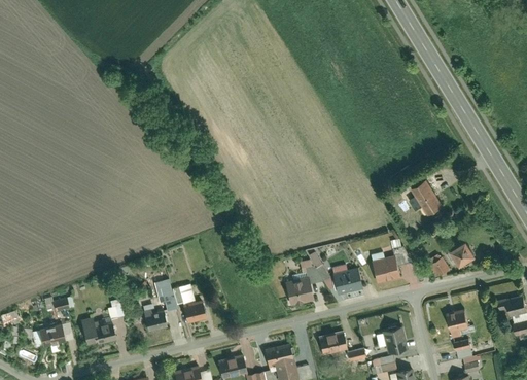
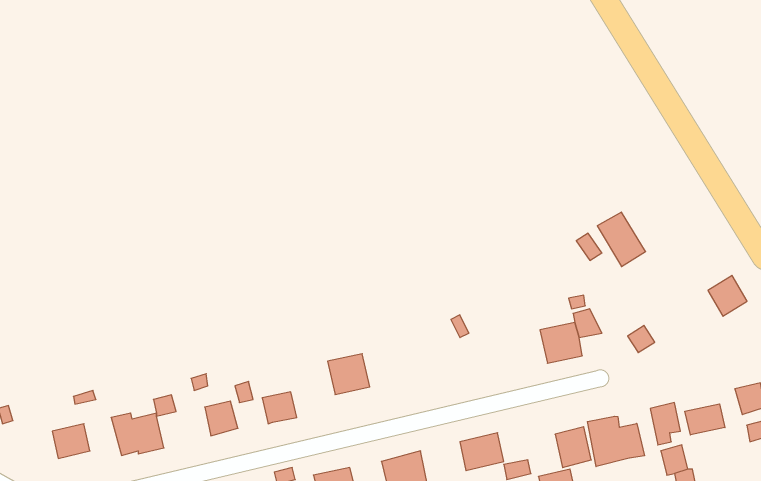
building: [450,242,477,270] -> [708,275,747,316]
building: [333,267,362,295] -> none
building: [284,278,313,306] -> [328,354,370,395]
building: none -> [685,404,725,435]
building: none -> [587,416,644,467]

